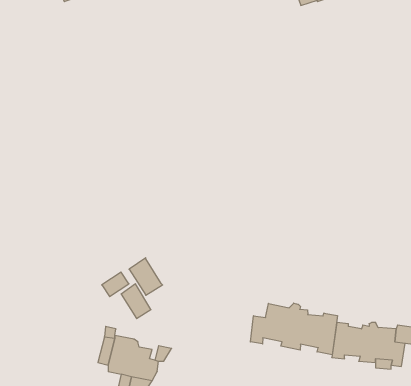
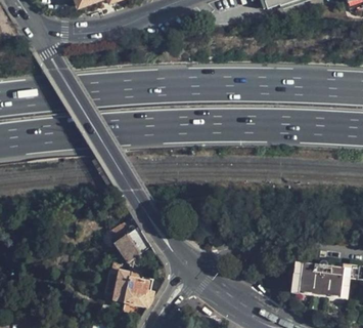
building: [129,258,163,295] -> [110,237,137,266]
building: [250,303,337,355] -> none

